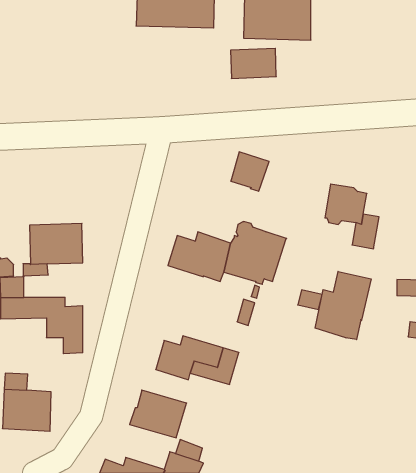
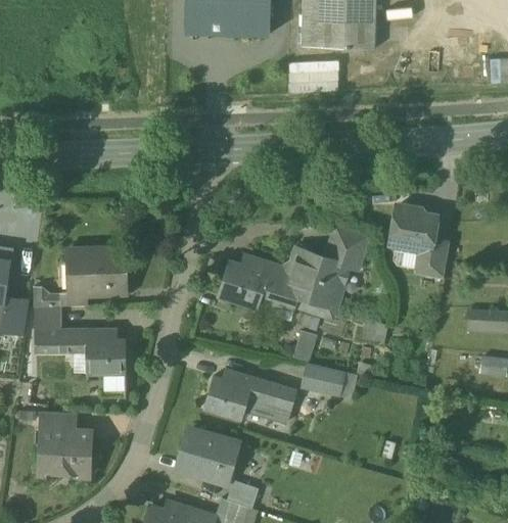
building: [231,152,269,191] -> [326,226,368,269]
building: [315,271,371,340] -> none
building: none -> [303,363,345,396]

